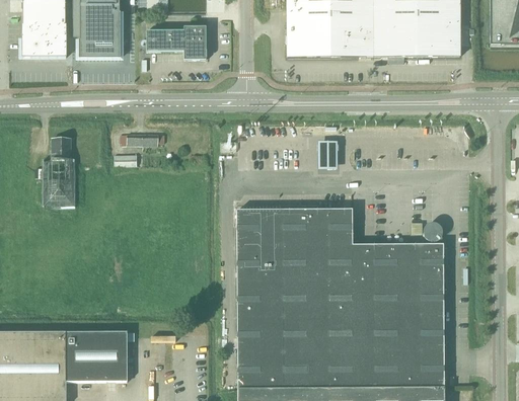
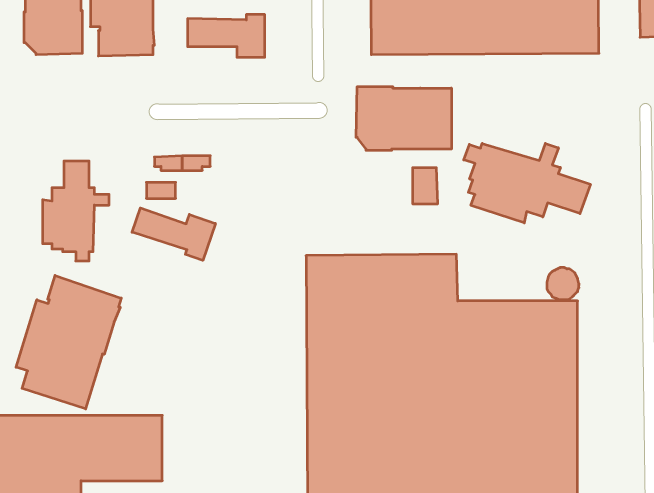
building: none -> [356,87,451,150]
building: none -> [464,143,590,223]
building: none -> [132,208,215,260]
building: none -> [16,275,121,409]

